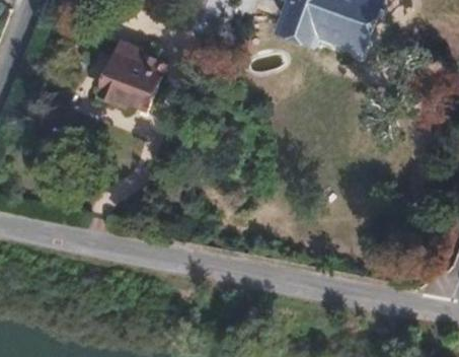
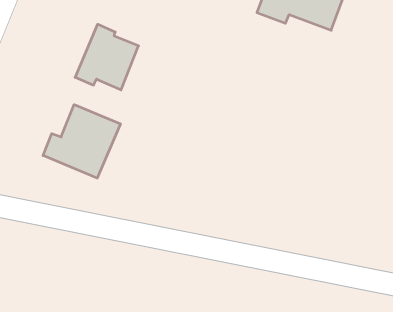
building: none -> [43,105,120,178]

